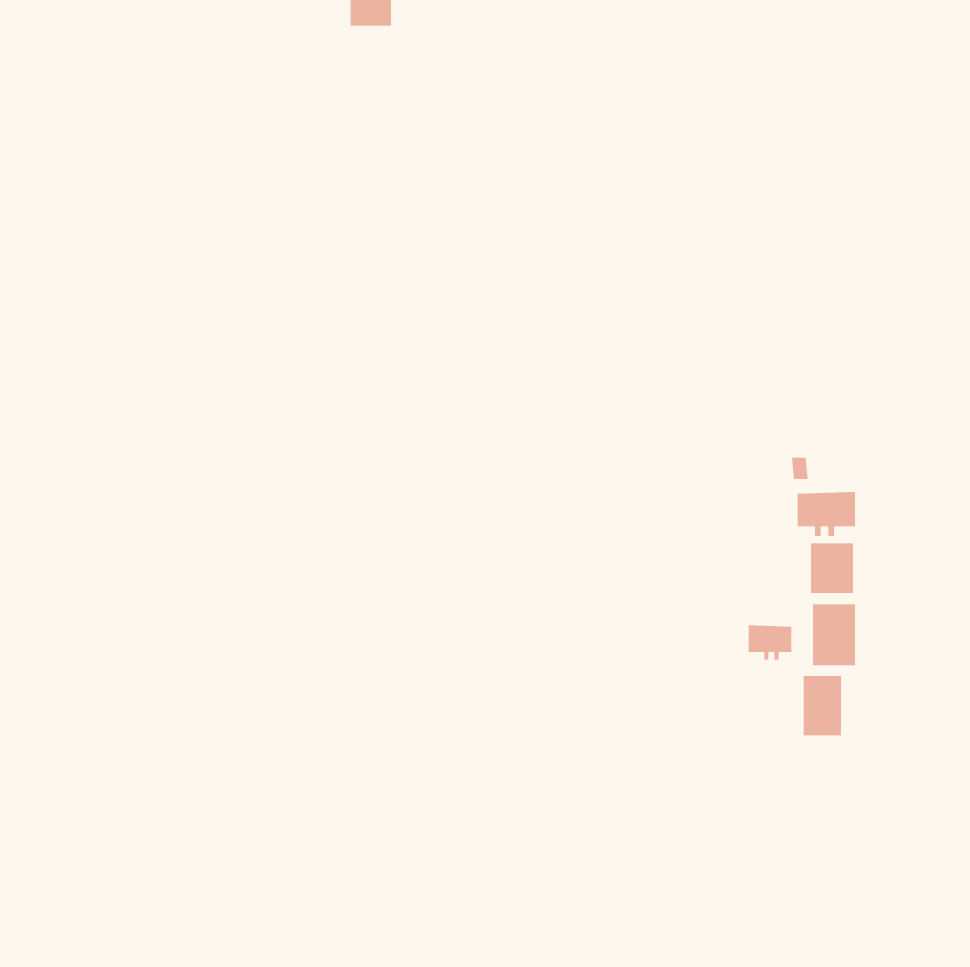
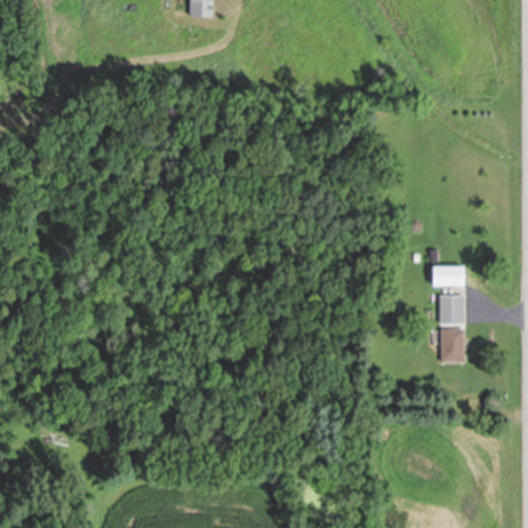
building: [748,625,792,660] -> none
building: [803,675,842,736] -> none

